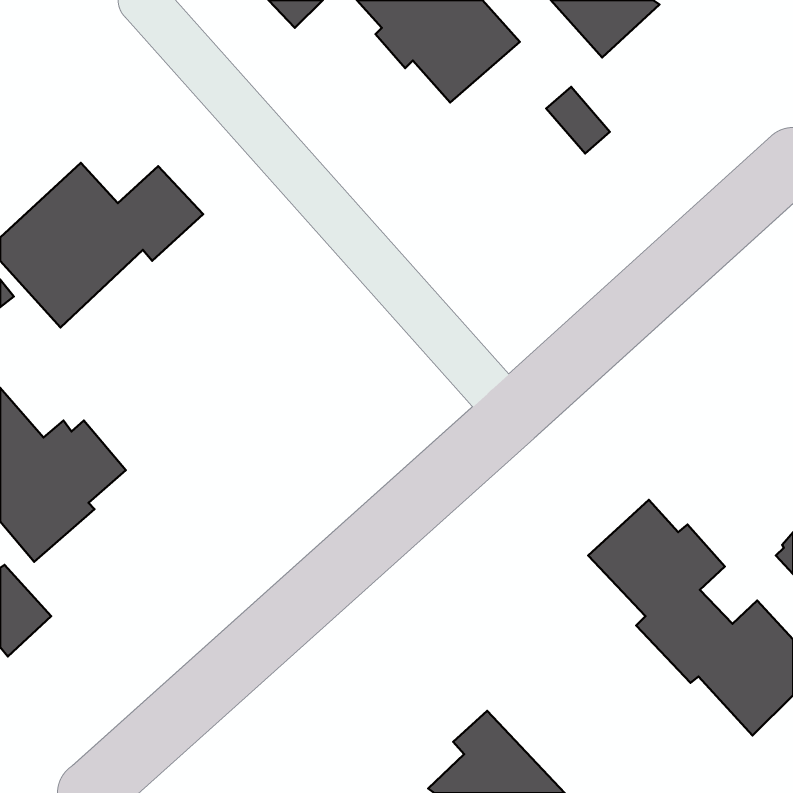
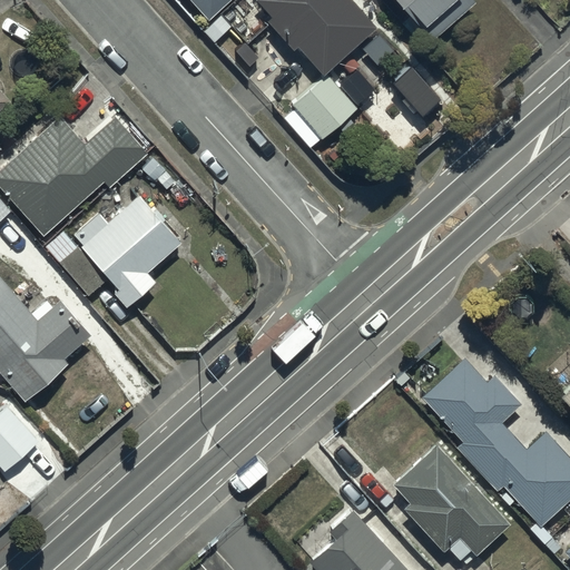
building: none -> [293,77,355,139]
building: none -> [60,196,181,307]
building: none -> [390,444,509,558]

